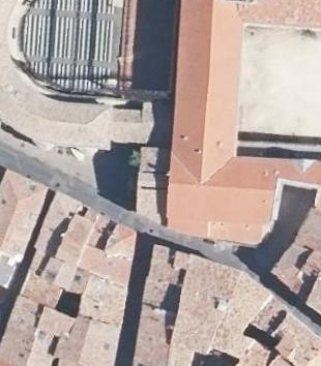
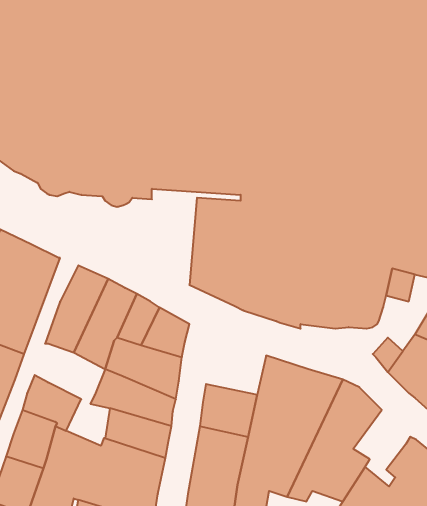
building: [148,247,189,284] -> none
building: [30,249,79,291] -> none
building: [250,295,291,336] -> none

